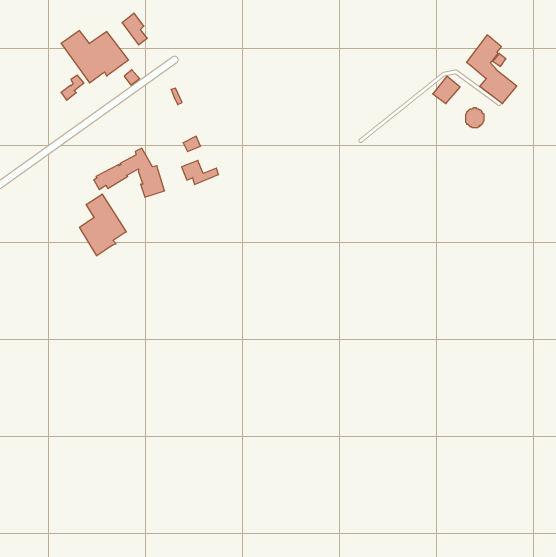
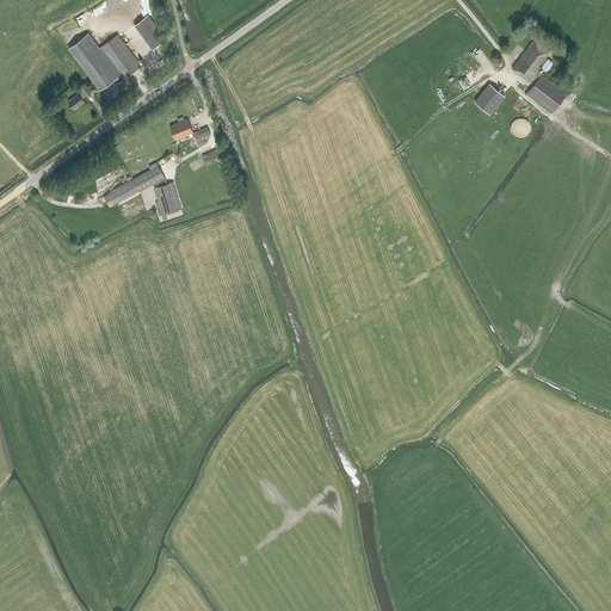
building: [182,160,219,184] -> [168,118,209,144]
building: [80,194,126,256] -> none

